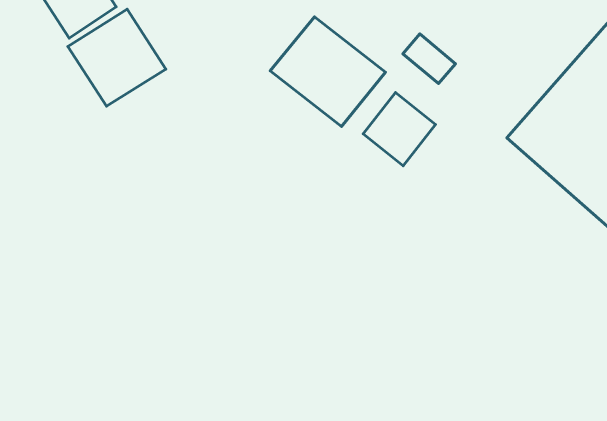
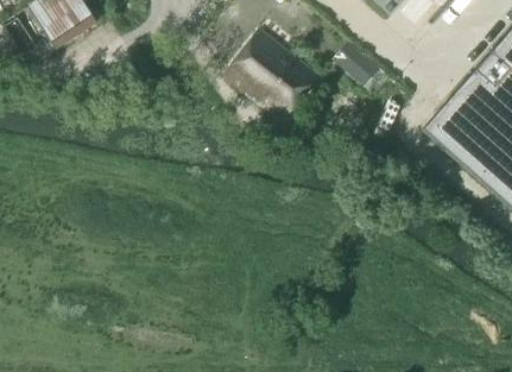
building: [68,9,166,106] -> none
building: [363,93,436,166] -> none

